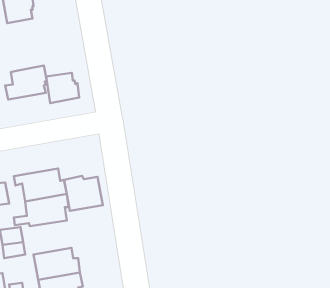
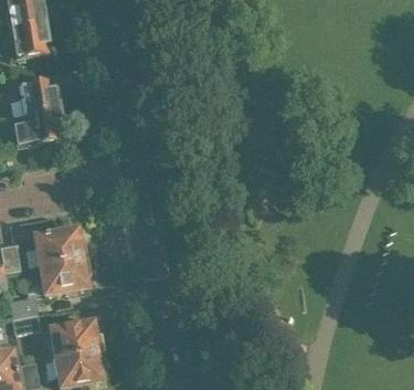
building: [46,73,79,103] -> [21,76,60,112]
building: [64,176,103,211] -> none

